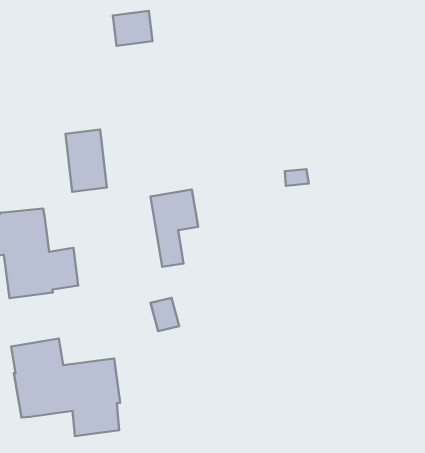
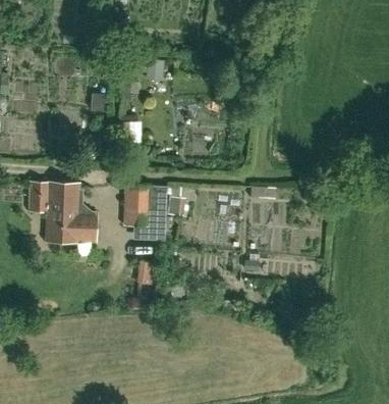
building: [66,130,107,192] -> [123,185,150,226]
building: [11,339,120,436] -> none

